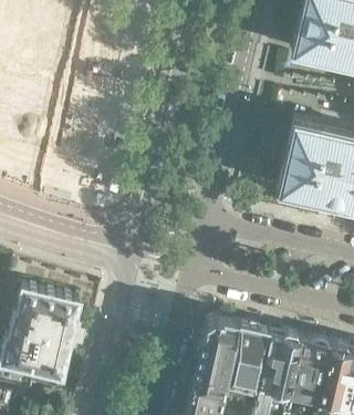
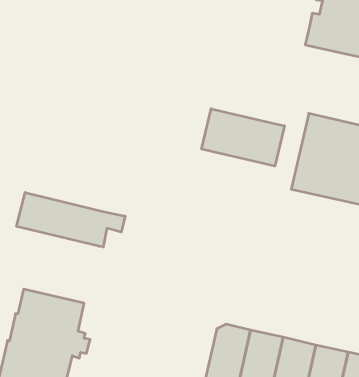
building: none -> [202,109,284,166]
building: none -> [17,192,125,247]

